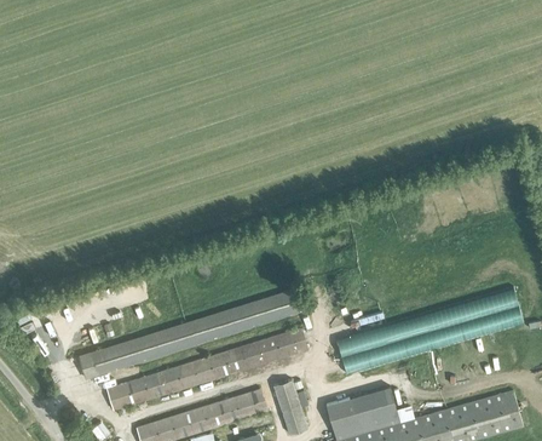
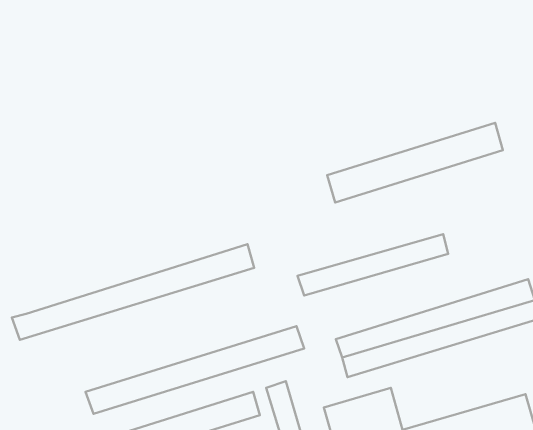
building: none -> [327,123,503,203]
building: none -> [298,234,448,295]
building: [77,290,301,378] -> [12,244,254,340]

